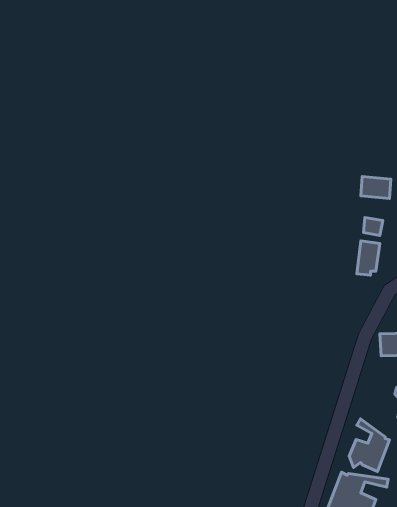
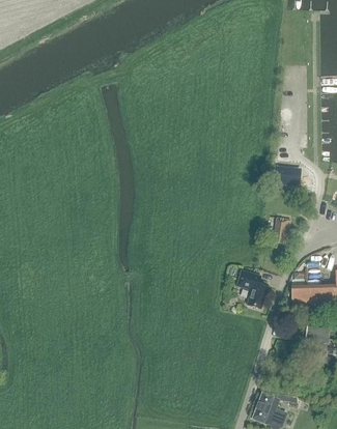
building: none -> [236,269,269,308]
building: [349,419,390,471] -> none

